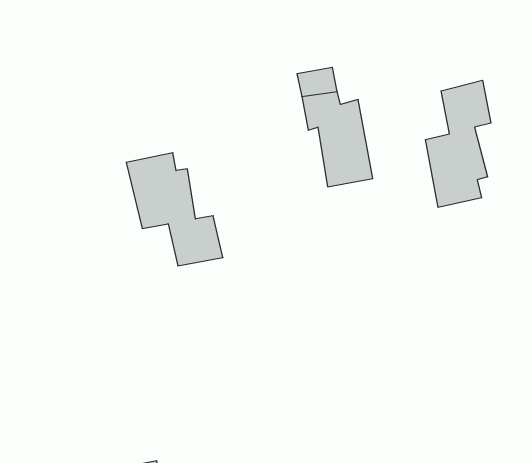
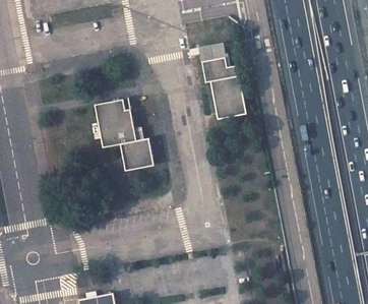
building: [426,80,491,207] -> none

